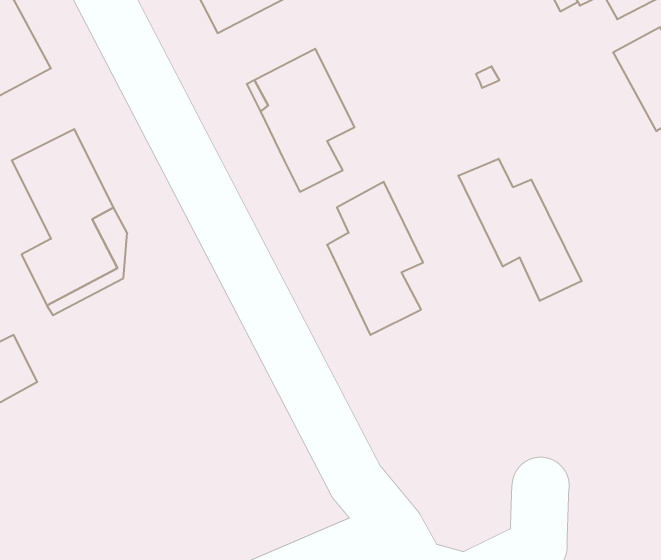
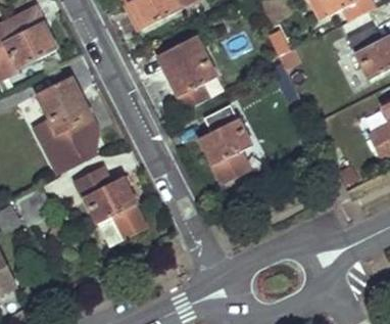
building: [458,159,582,301] -> none
building: none -> [76,168,147,238]

